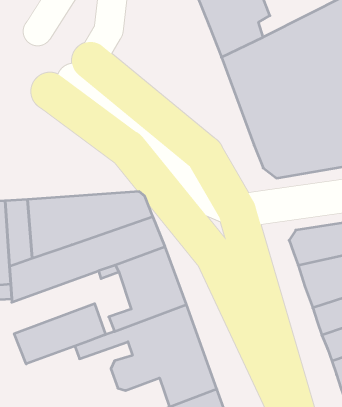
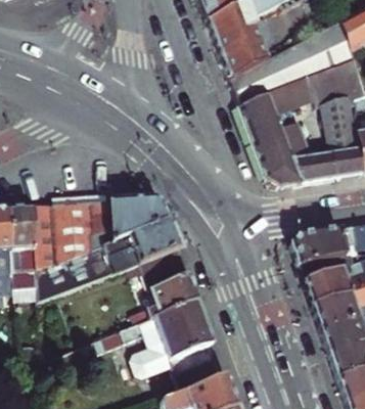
building: [14,304,105,364] -> none

